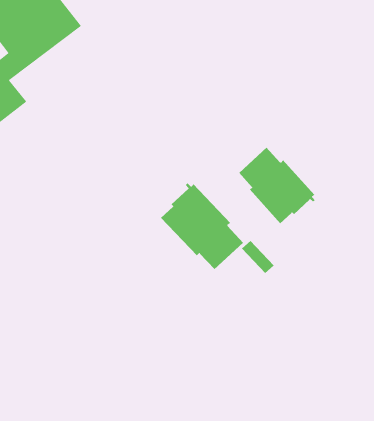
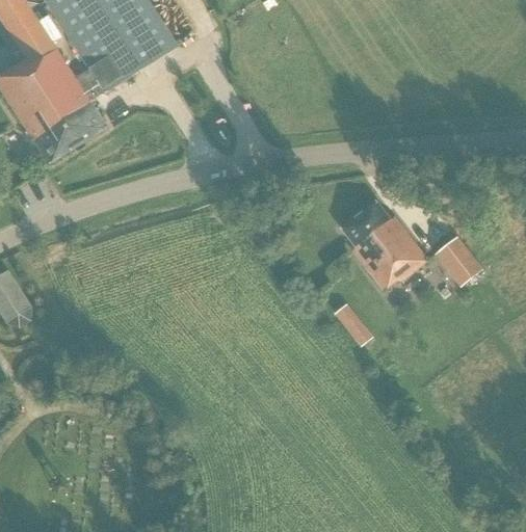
building: none -> [435,235,482,285]
building: [160,182,244,270] -> none

